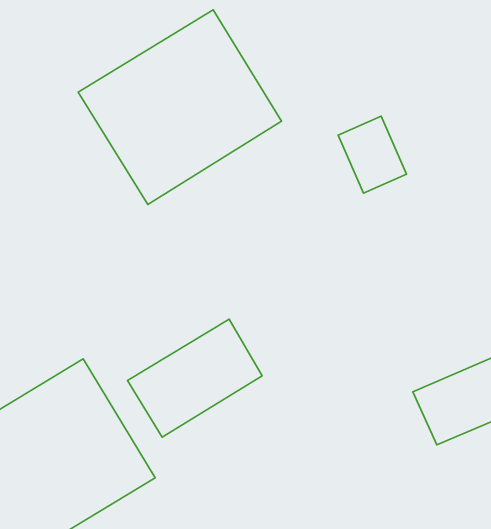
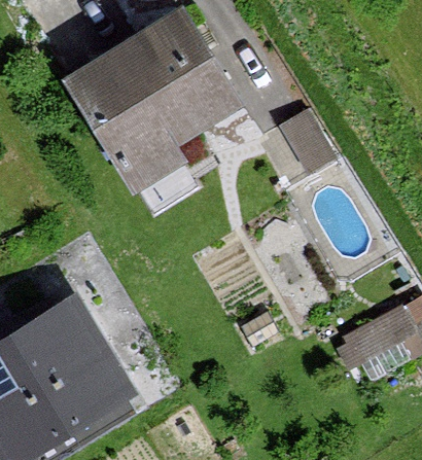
building: [128,319,262,437] -> none

